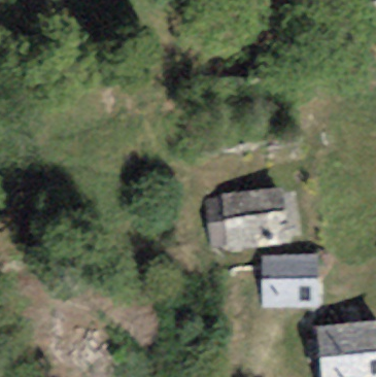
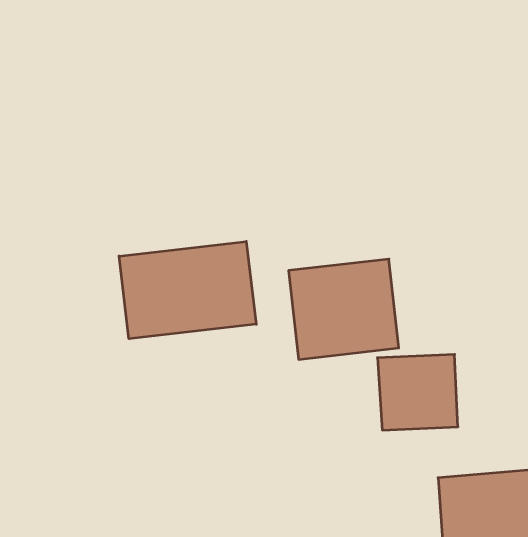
building: none -> [119,241,256,339]

